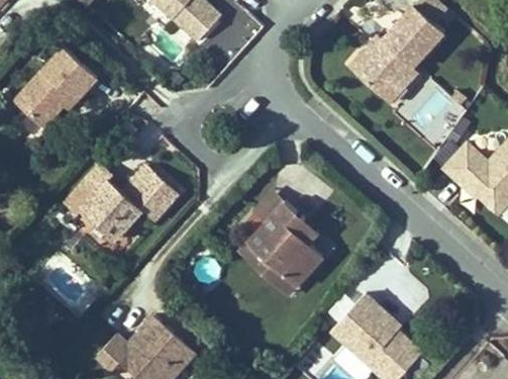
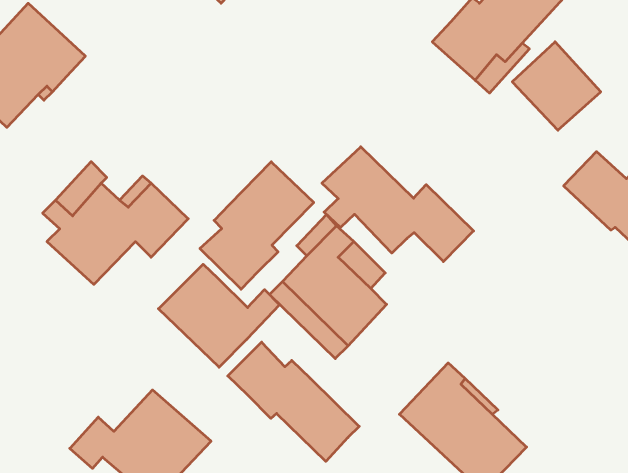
building: none -> [322,147,474,262]
building: none -> [200,162,314,289]
building: none -> [158,264,279,367]
building: none -> [228,342,359,461]

